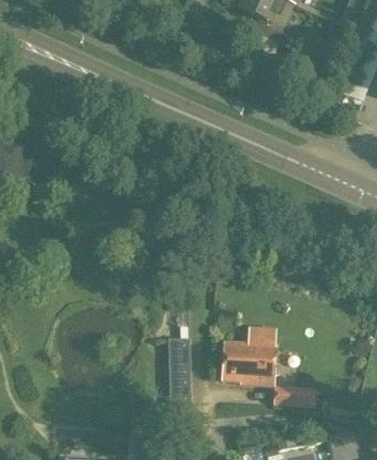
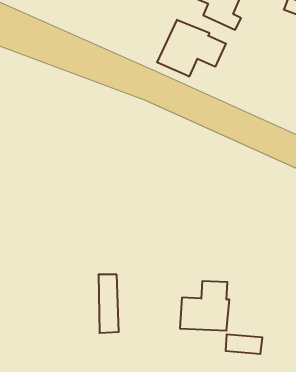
building: none -> [157,20,226,77]
building: [167,338,190,403] -> [98,275,119,333]

